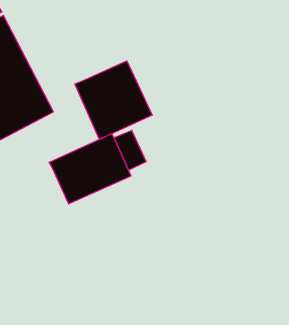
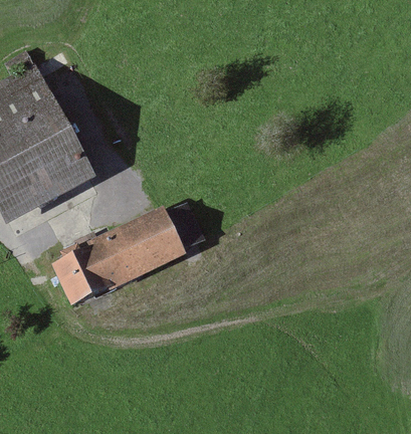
building: [75,61,152,139] -> none
building: none -> [51,242,112,306]

